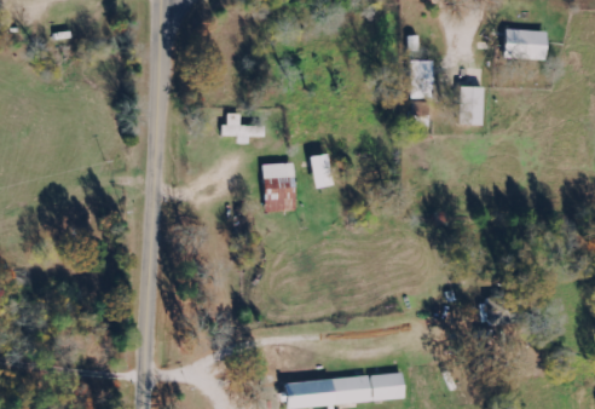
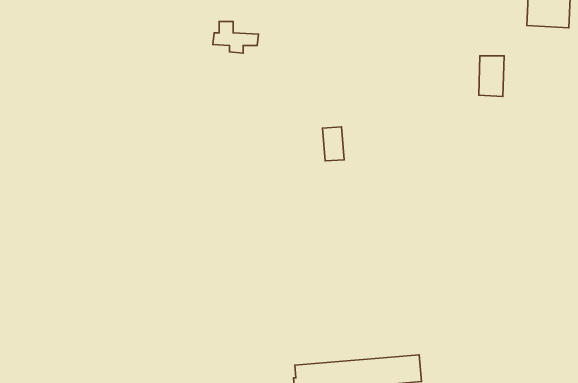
building: [409,61,433,99] -> none
building: [221,114,265,144] -> [213,22,259,53]
building: [264,165,295,212] -> none

